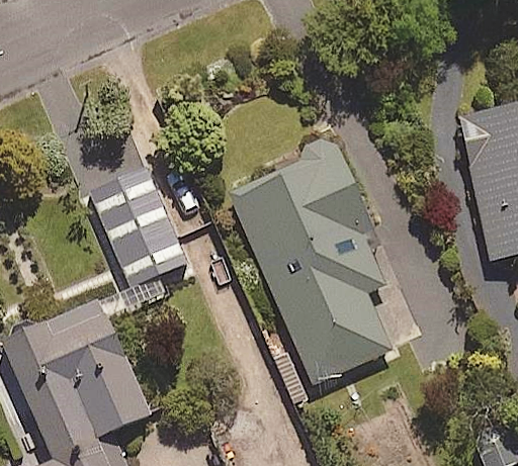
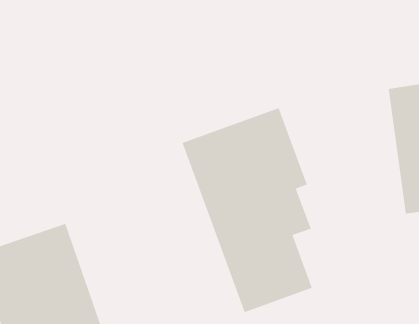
building: [94,181,186,305] -> none

